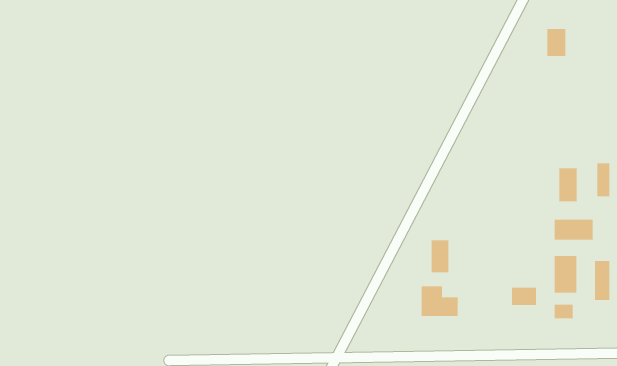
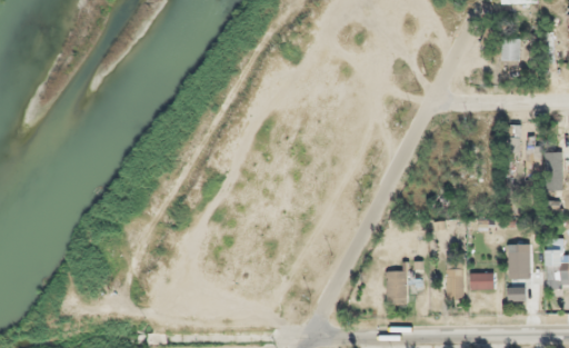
building: [559,167,577,202] -> none
building: [554,219,593,241] -> none
building: [431,240,449,273] -> [449,269,466,299]

